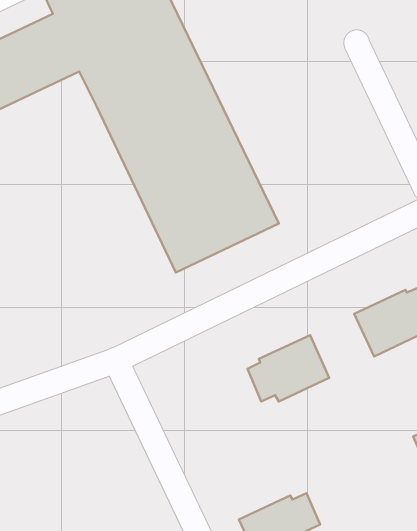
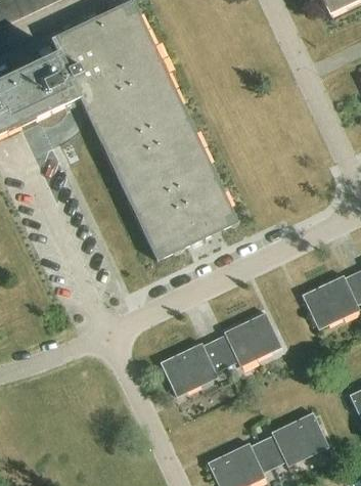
building: none -> [161,340,226,396]
building: none -> [263,413,328,467]

